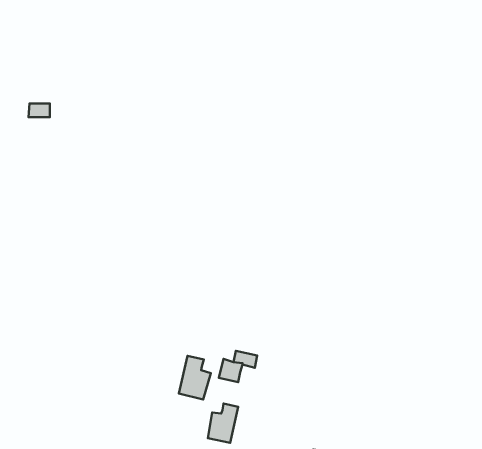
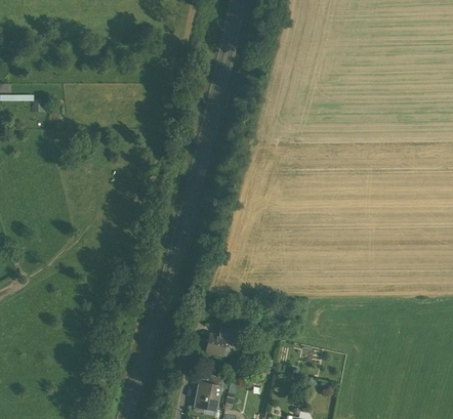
building: [179,356,211,400] -> none

